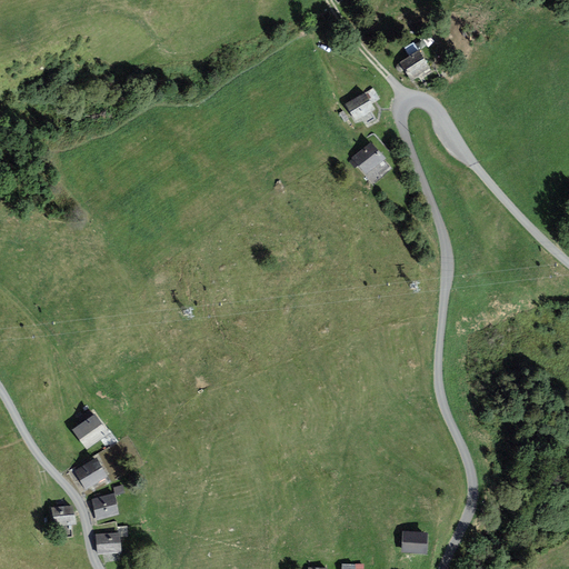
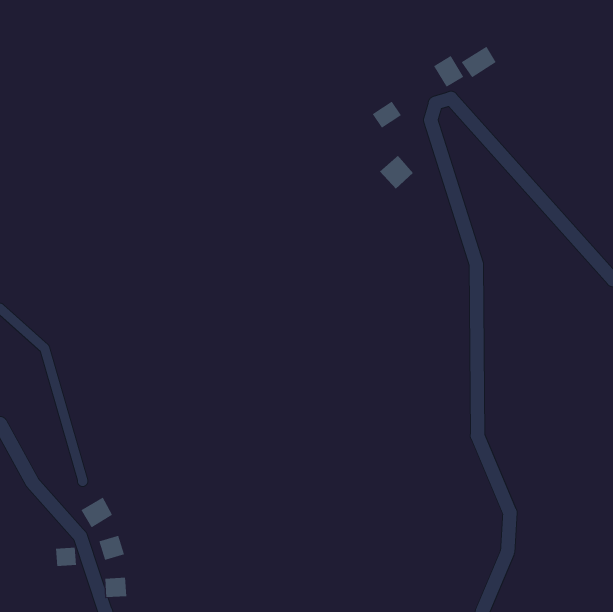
building: none -> [461,46,497,78]
building: [73,417,104,448] -> none
building: [401,529,427,551] -> none

